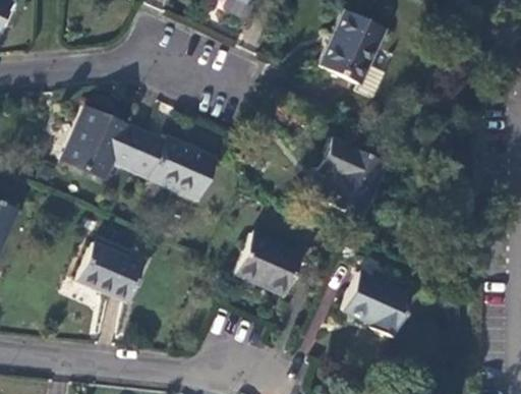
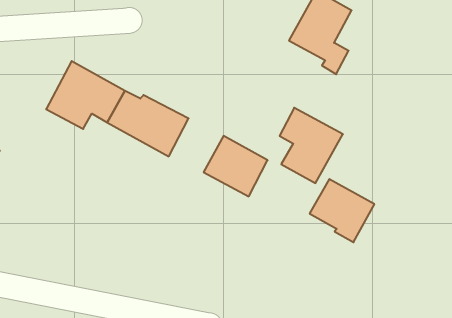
building: [234,233,302,296] -> [204,136,268,196]
building: [77,242,144,302] -> none
building: [342,272,411,338] -> [310,179,374,242]

